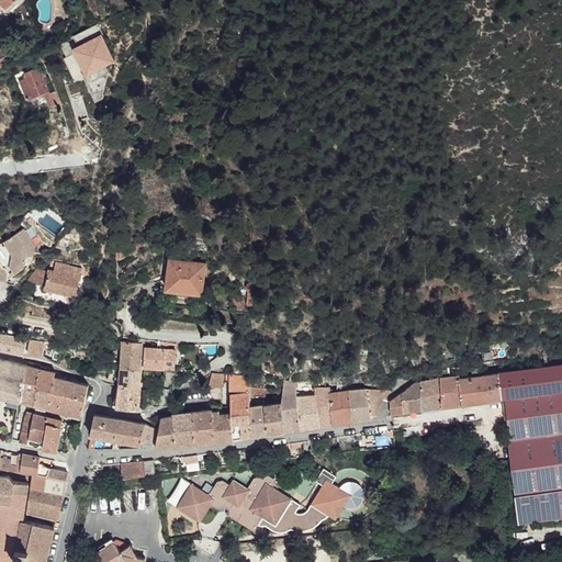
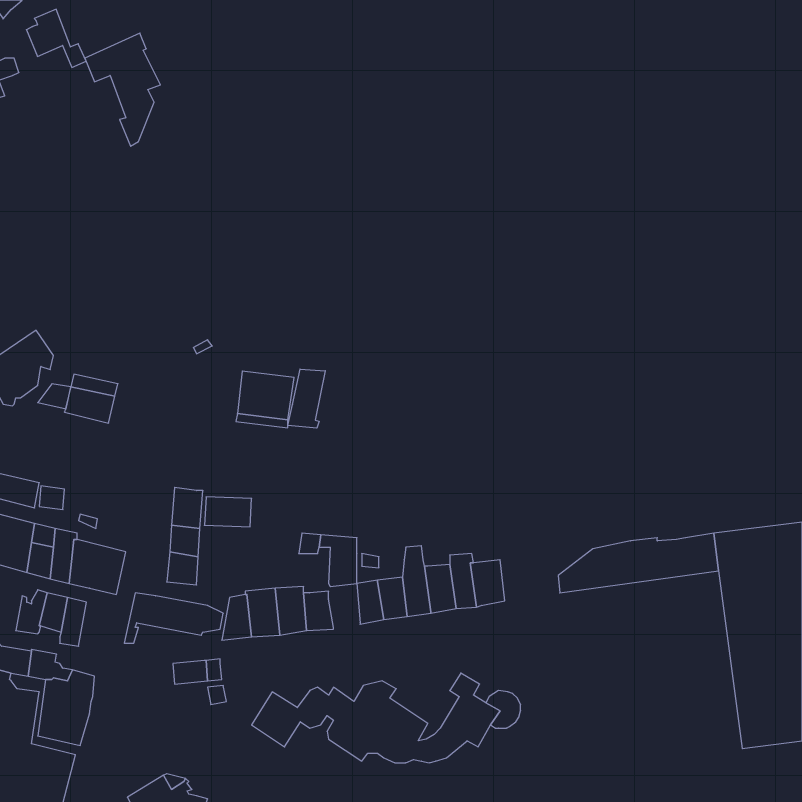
building: [19,68,60,109] -> [26,9,86,67]
building: none -> [288,369,325,428]
building: [349,390,390,420] -> none
building: [229,408,251,440] -> none

